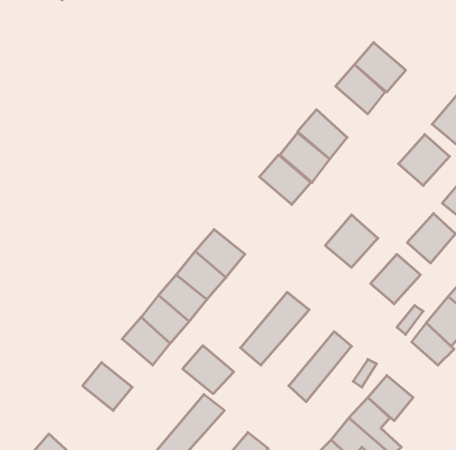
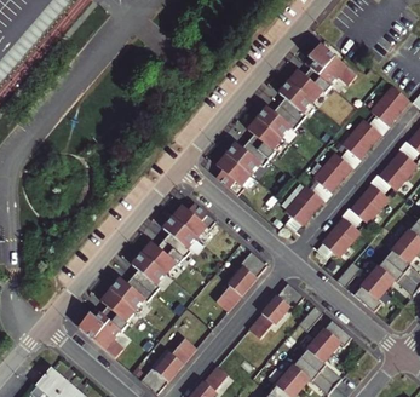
building: none -> [272,80,315,120]
building: none -> [211,154,252,195]
building: none -> [311,155,352,195]
building: [183,346,234,394] -> [94,288,137,328]

